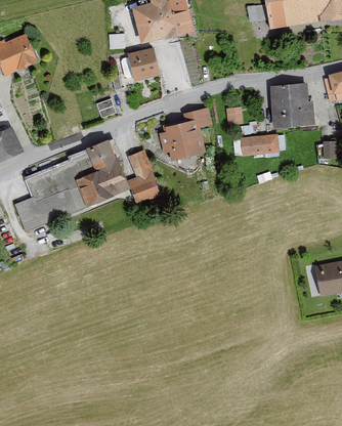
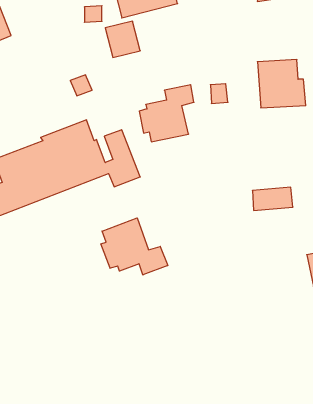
building: [240,134,277,156] -> [252,187,293,210]
building: none -> [101,218,168,275]

